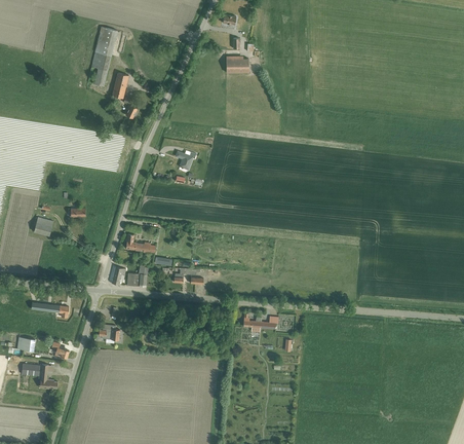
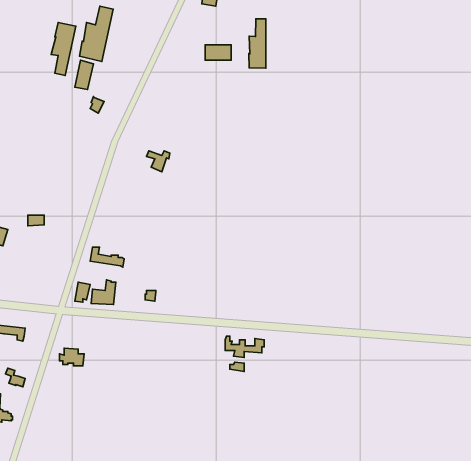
building: none -> [80,6,113,61]
building: none -> [249,19,266,68]

